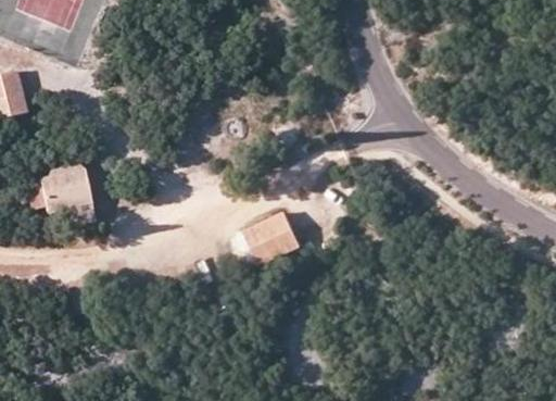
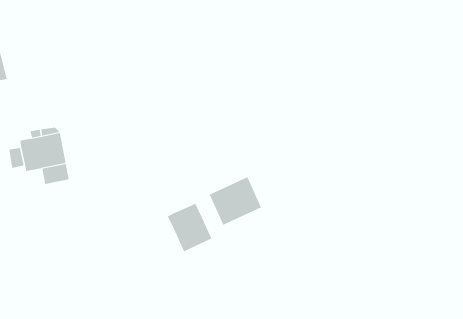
building: none -> [167,203,212,252]

